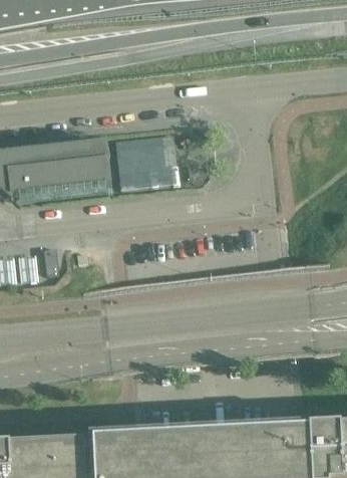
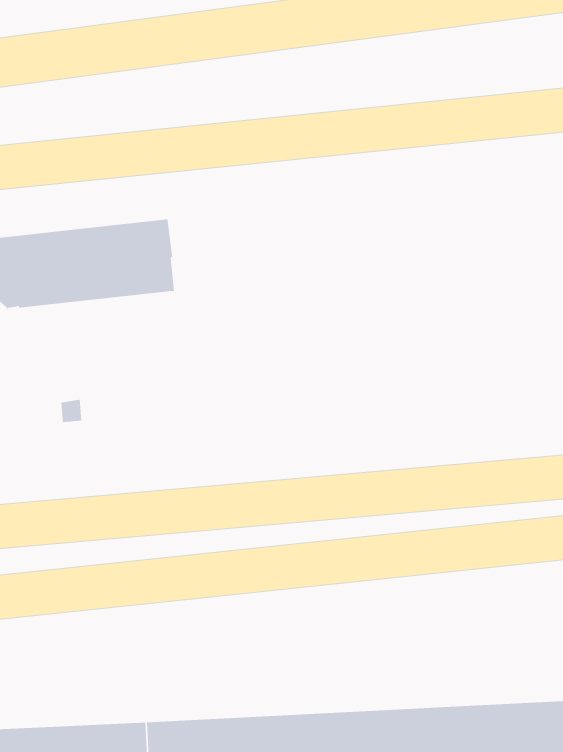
building: [116,130,177,177] -> none

